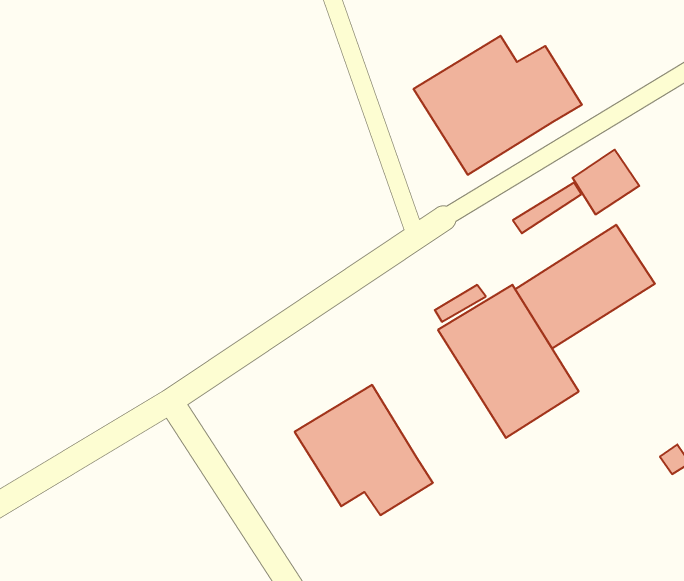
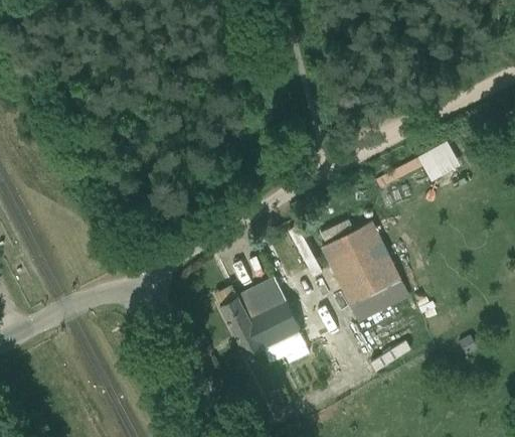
building: [414,36,582,175] -> none
building: [515,225,655,349] -> none

